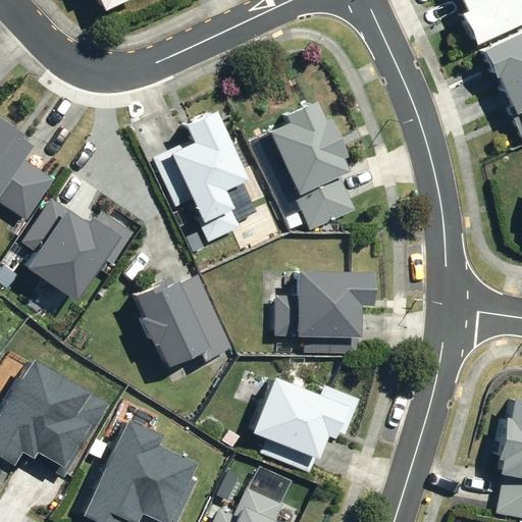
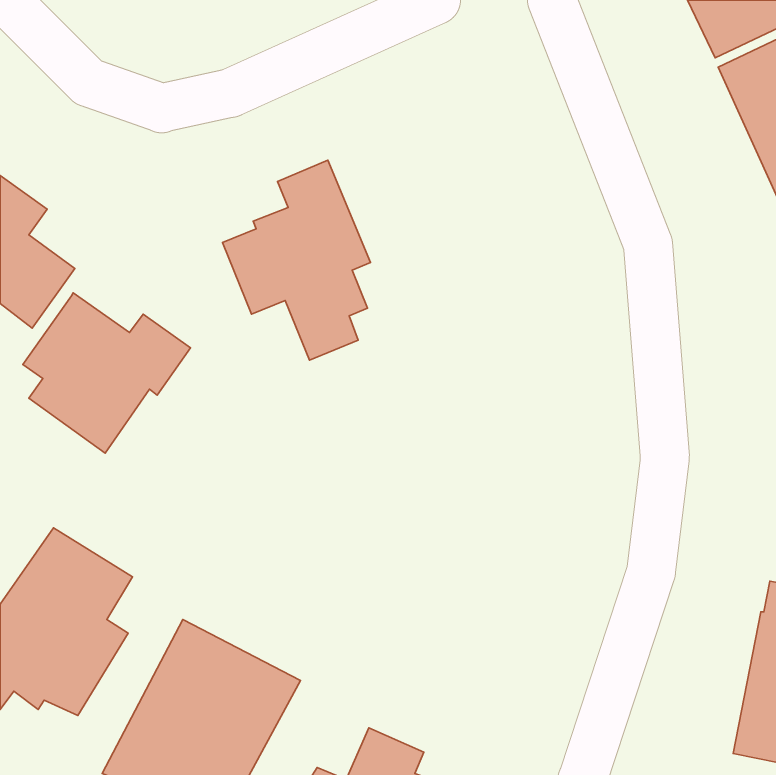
building: [269,100,356,229] -> none
building: [257,271,377,358] -> none
building: [126,274,229,370] -> none
building: [248,372,359,455] -> none

